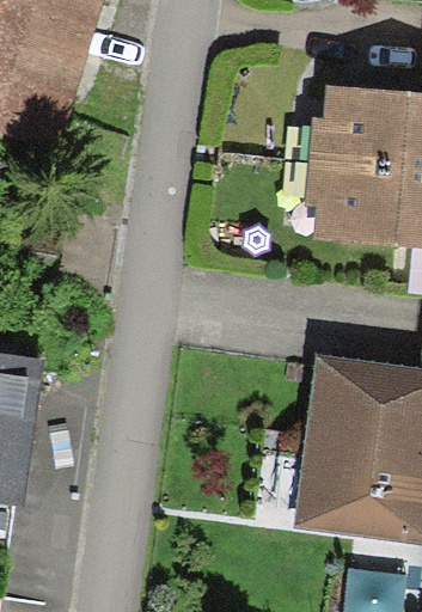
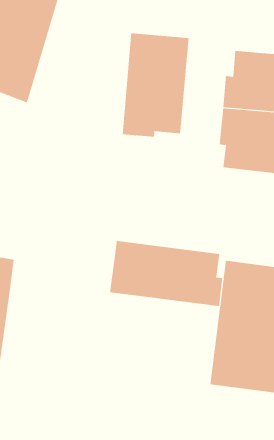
building: none -> [122,32,189,138]
building: none -> [110,240,223,307]

